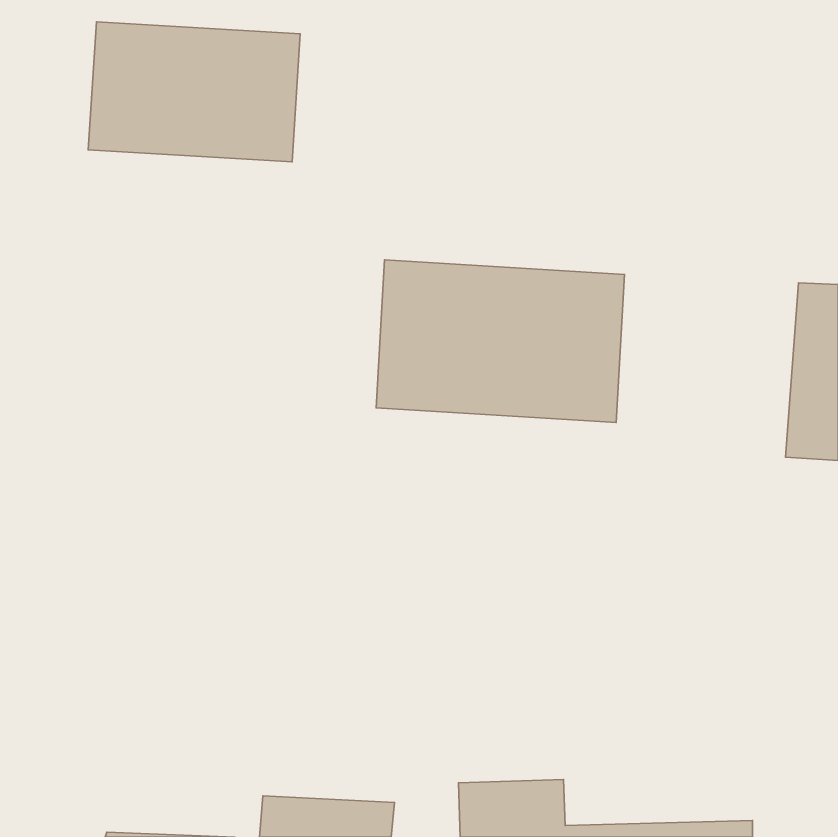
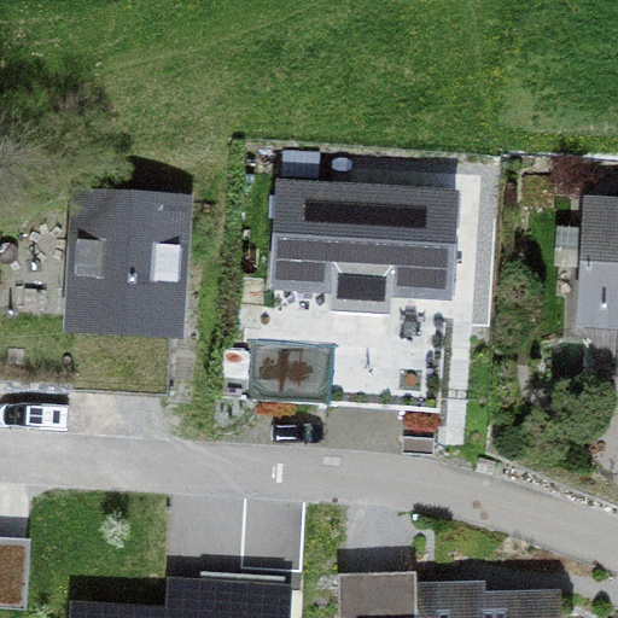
building: [88,22,300,162] -> none
building: none -> [59,186,193,338]

